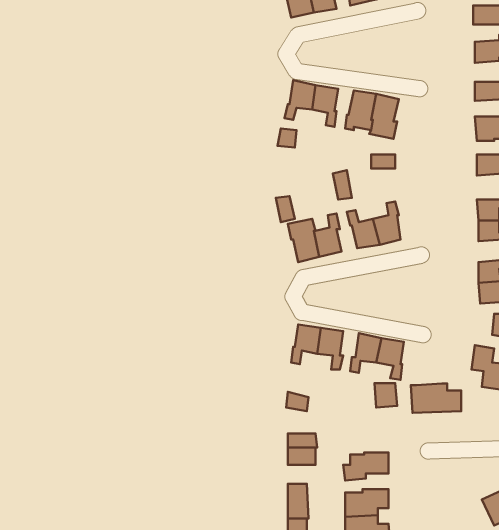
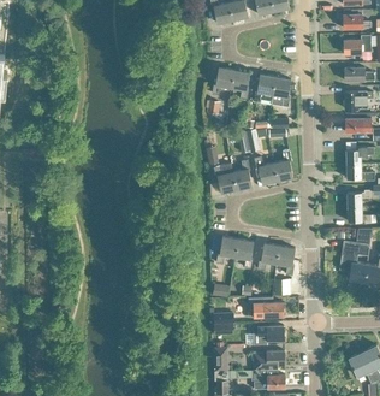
building: [411,383,461,413] -> [248,297,283,318]

